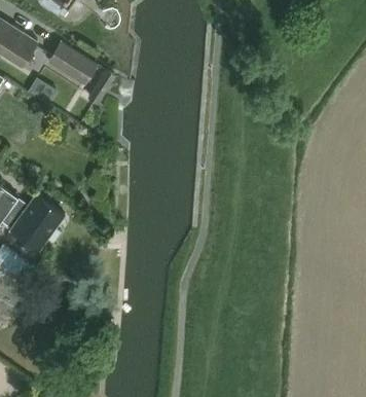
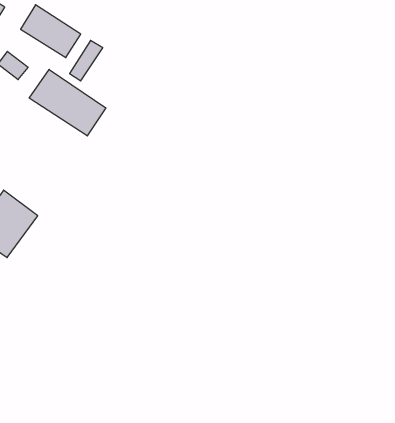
building: none -> [29,69,106,136]

